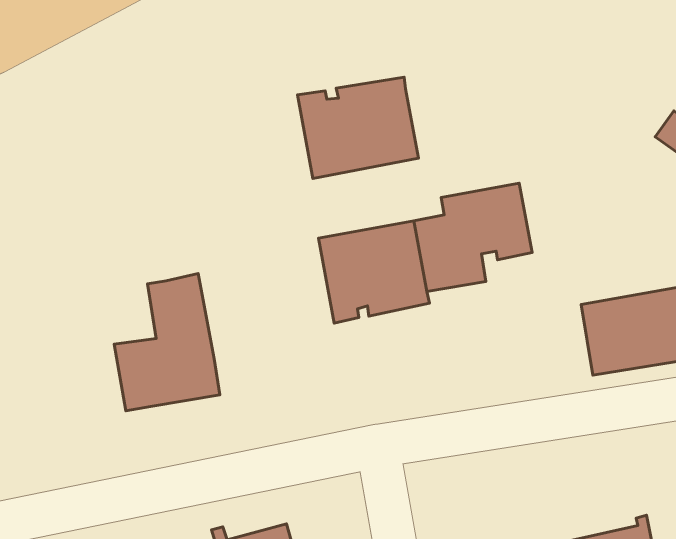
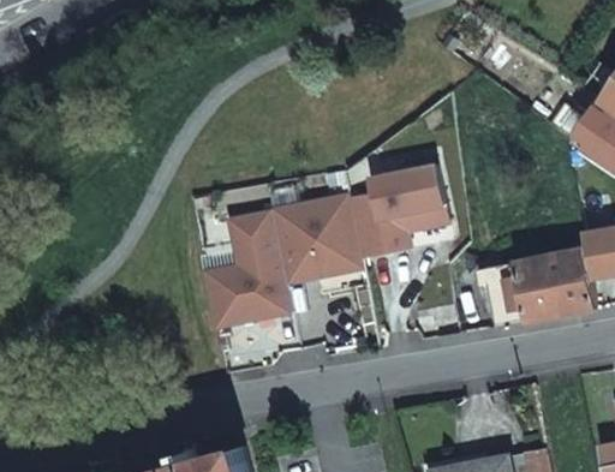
building: [297,77,419,178] -> none
building: [114,274,220,411] -> [202,210,289,324]

